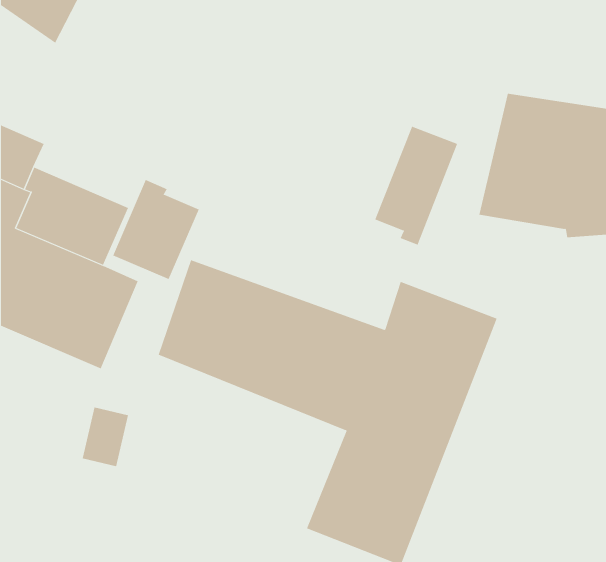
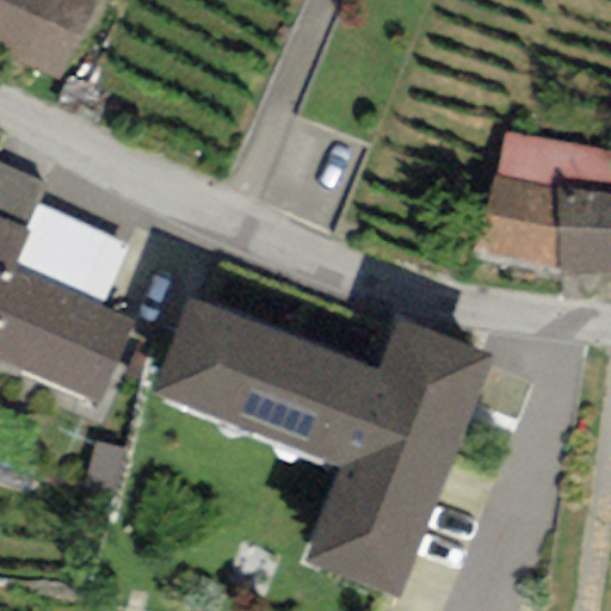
building: [375,126,458,246] -> none
building: [112,179,200,280] -> none

